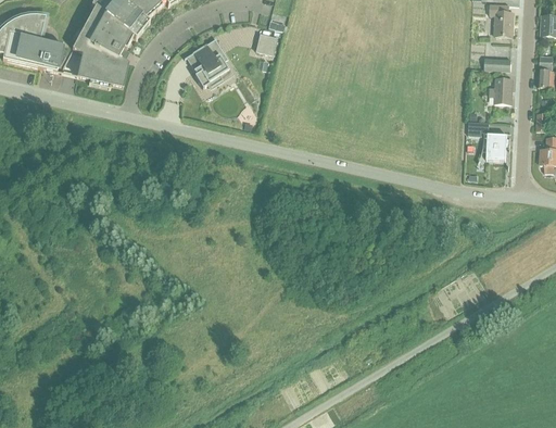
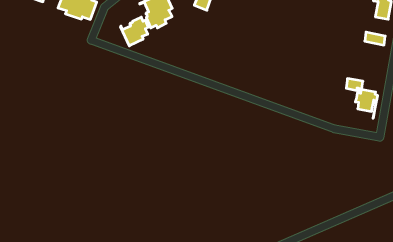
building: none -> [121,17,148,46]
building: [490,76,513,102] -> none

